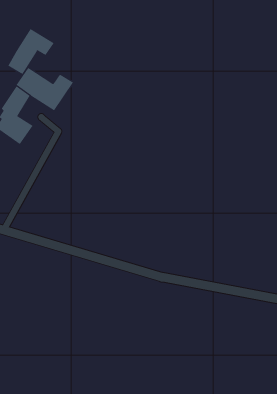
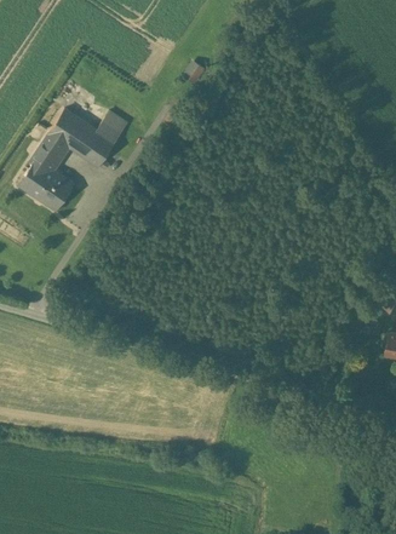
building: [7,28,54,75] -> none

